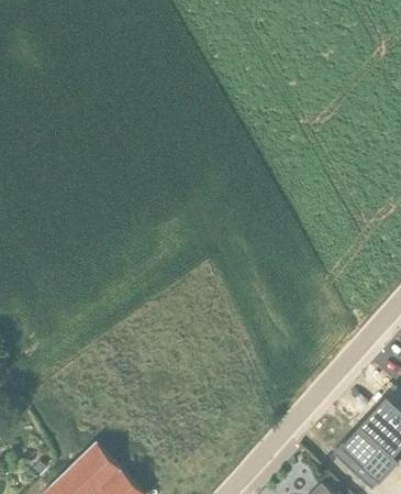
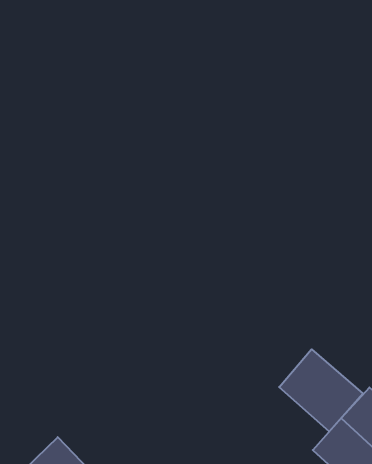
building: none -> [279,349,363,432]

